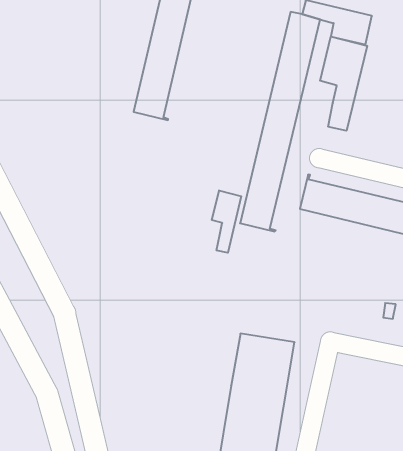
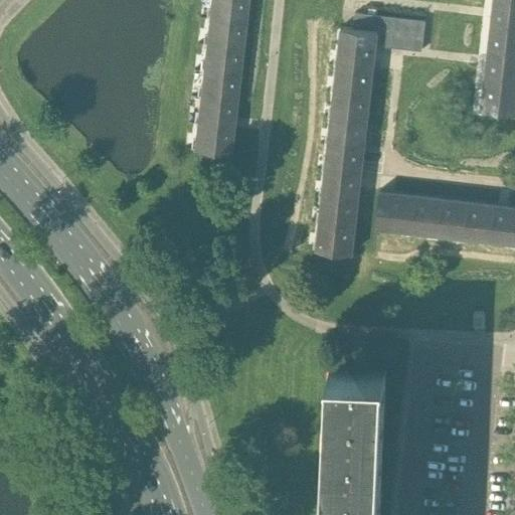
building: [320,36,367,131] -> none
building: [212,190,241,253] -> none

